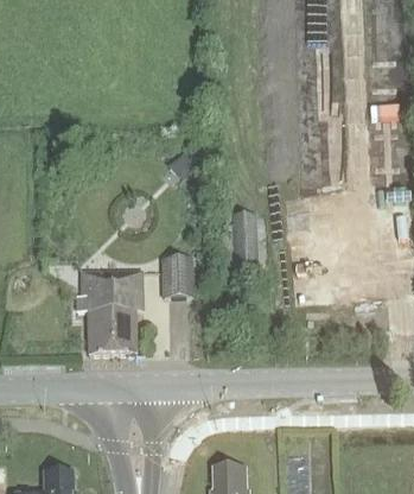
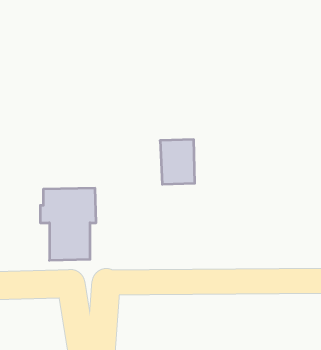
building: [161,256,193,296] -> none

